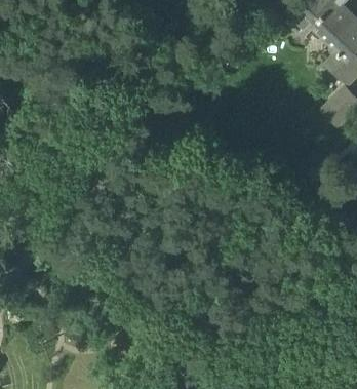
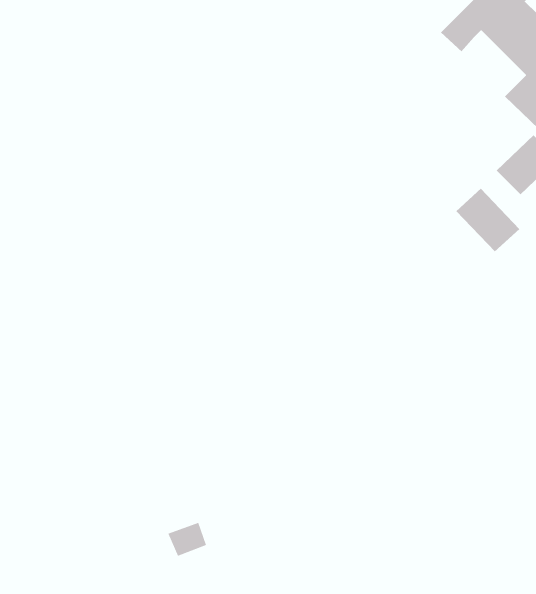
building: none -> [456,188,520,252]

